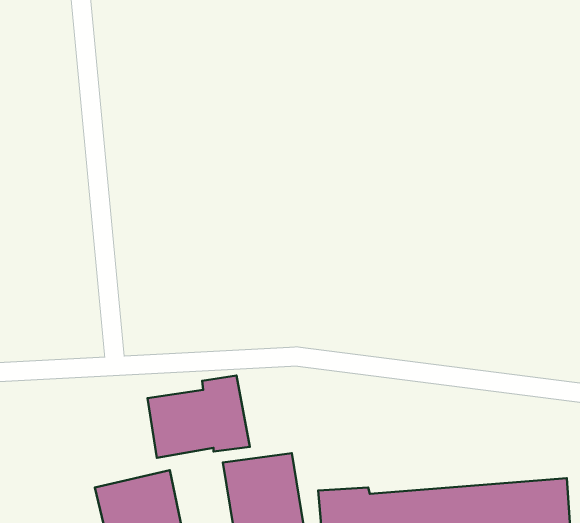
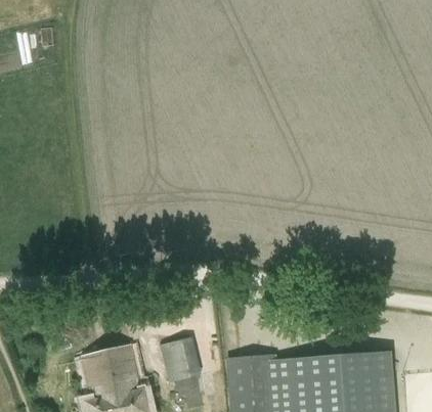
building: [147,375,250,458] -> none

